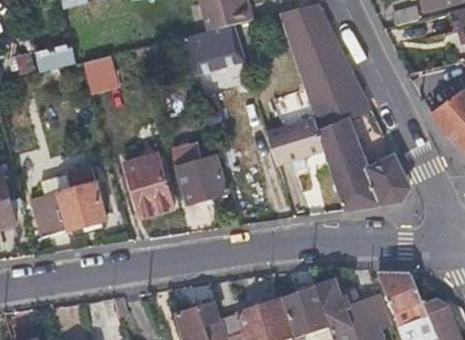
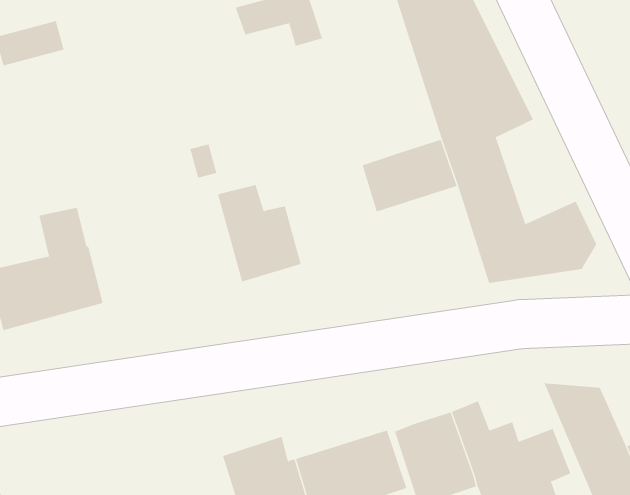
building: [84,51,121,92] -> none
building: [123,157,170,219] -> none

